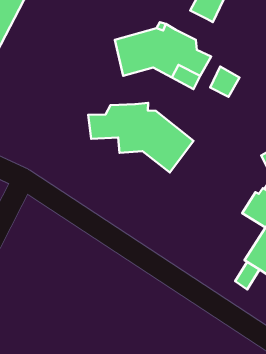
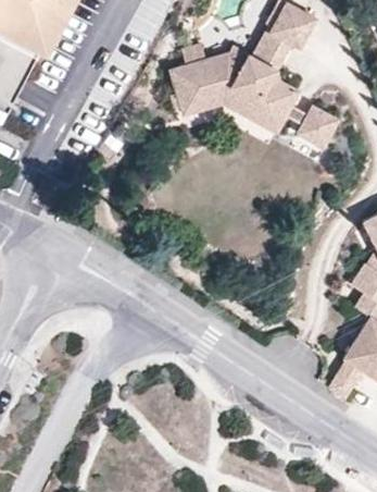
building: none -> [252,26,292,66]
building: [88,103,194,173] -> none

